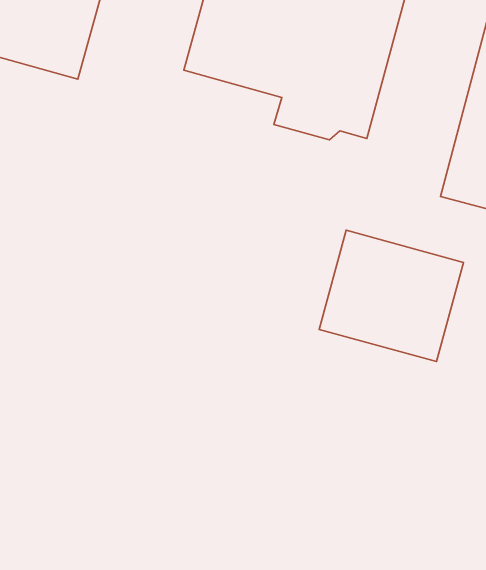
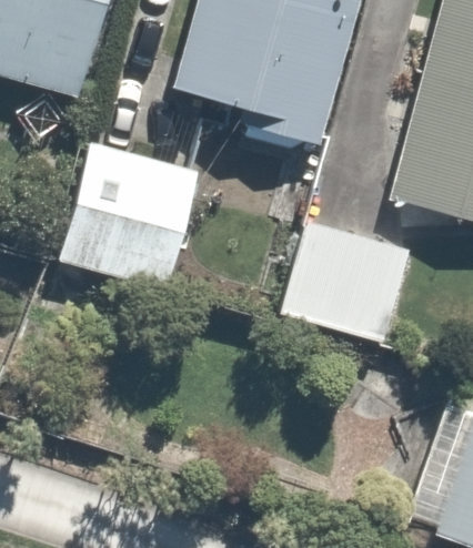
building: none -> [60,143,199,288]

